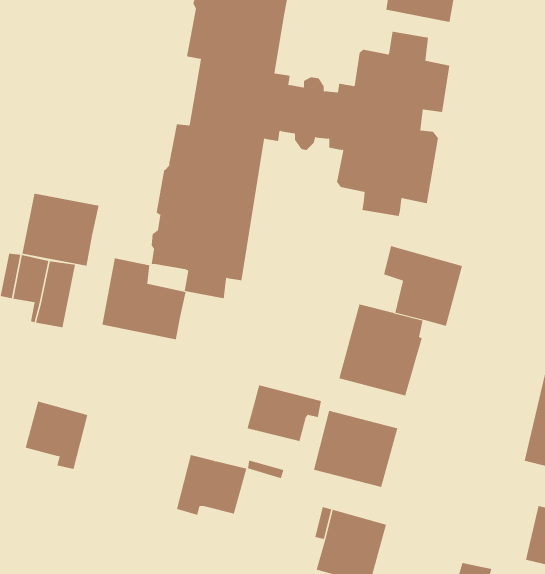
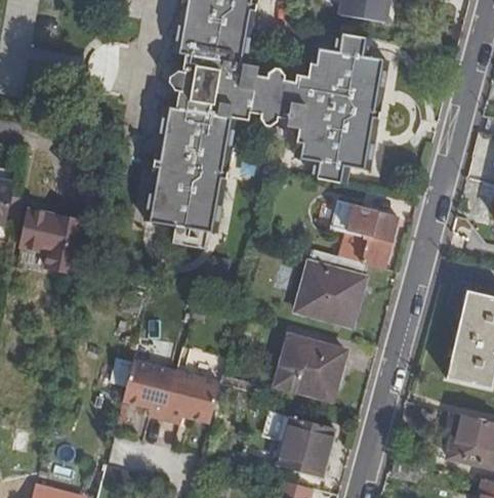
building: [22,193,99,267] -> none
building: [102,257,186,340] -> none
building: [247,385,322,442] -> none
building: [25,401,88,469] -> [125,362,176,417]

